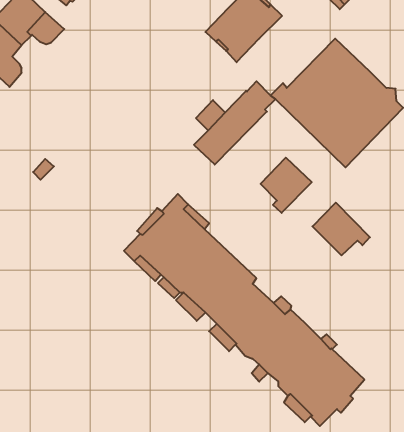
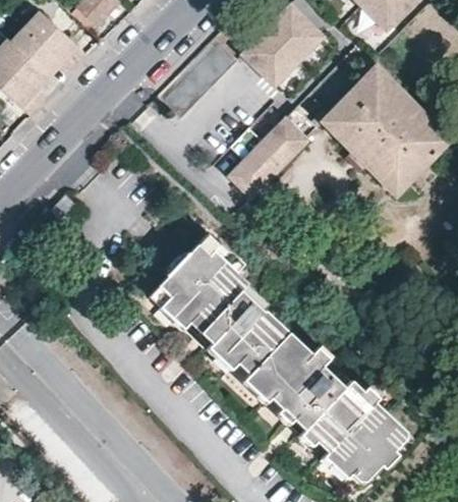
building: none -> [166,40,236,111]
building: [261,158,312,213] -> none
building: [312,203,370,255] -> none

